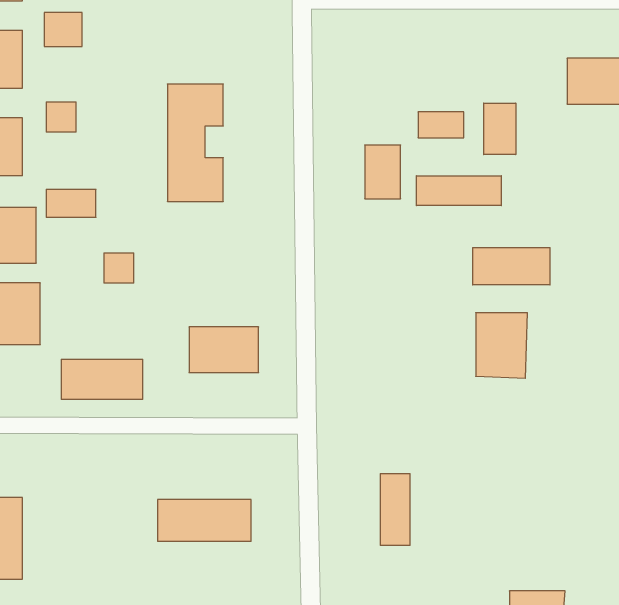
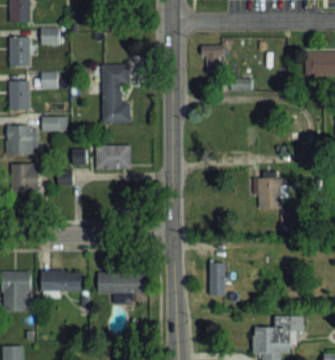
building: [484,103,516,155] -> none
building: [365,145,401,199] -> [204,45,222,72]
building: [416,176,501,206] -> none
building: [473,248,550,285] -> none
building: [189,327,259,373] -> [96,145,131,168]
building: [61,359,143,399] -> [41,272,82,292]

